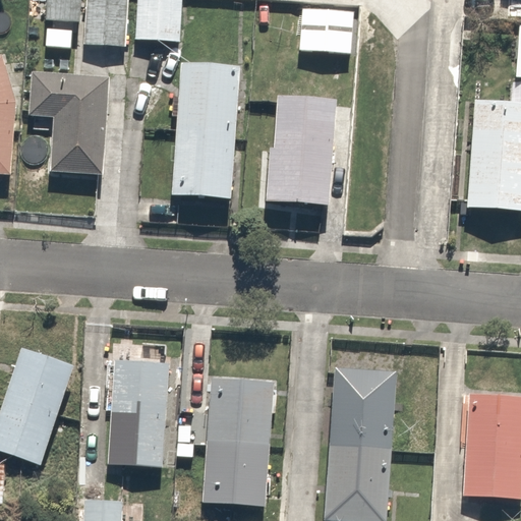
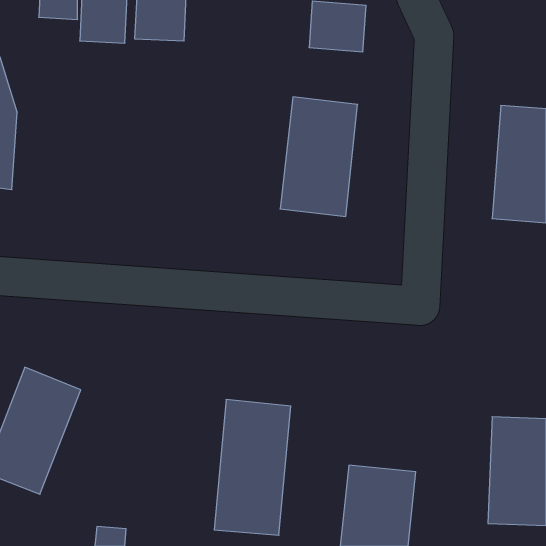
building: [170,60,245,202] -> none
building: [30,71,109,175] -> none
building: [107,359,170,467] -> none
building: [330,364,400,446] -> none

